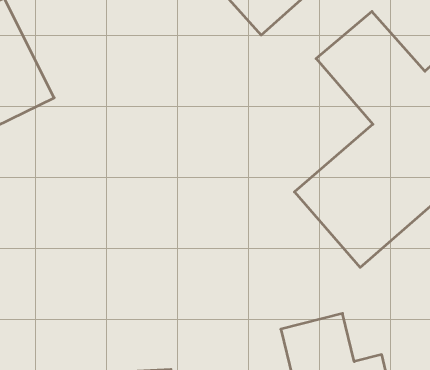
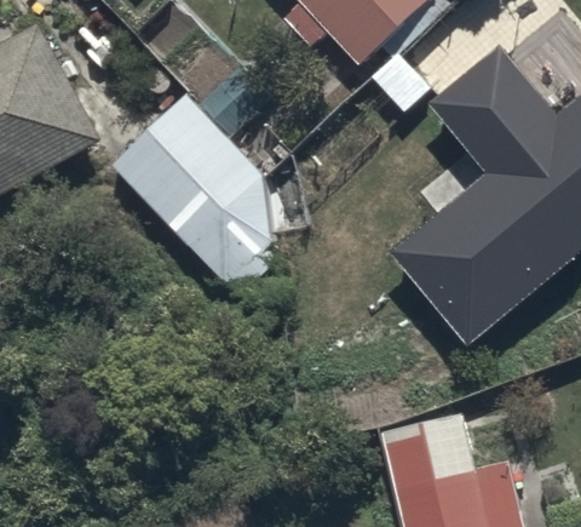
building: none -> [111,93,270,279]

